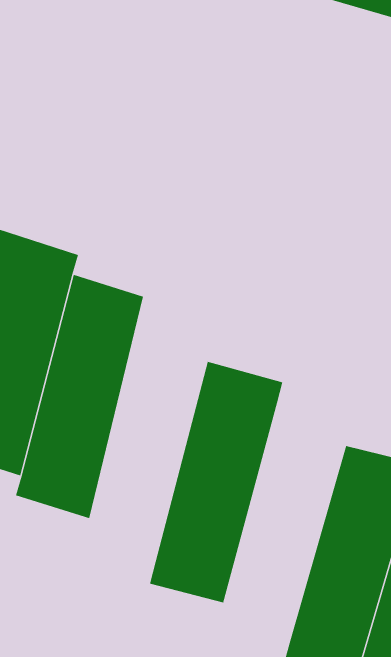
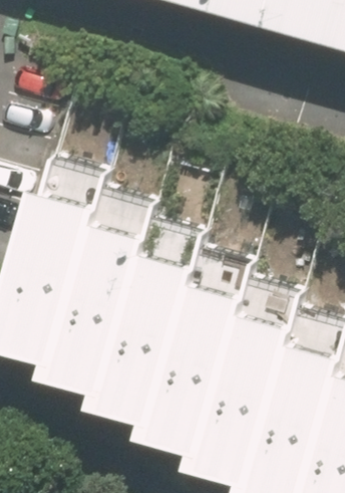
building: none -> [92,246,186,422]
building: none -> [190,306,287,481]

